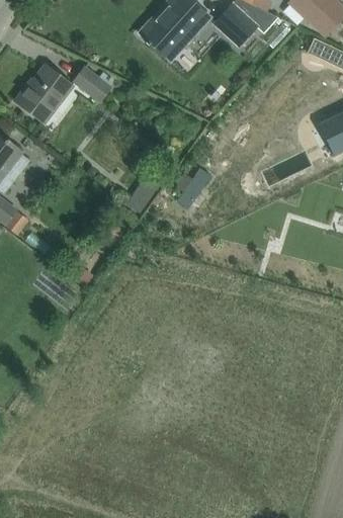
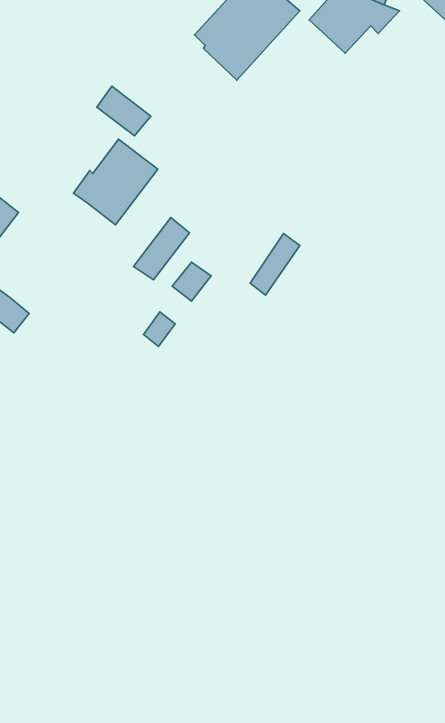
building: [15,65,72,122] -> [73,139,158,225]
building: none -> [133,217,189,280]

